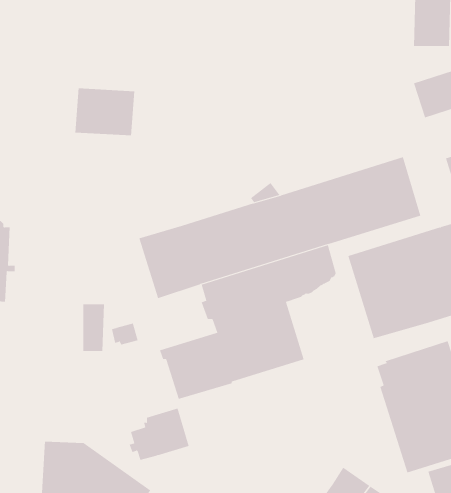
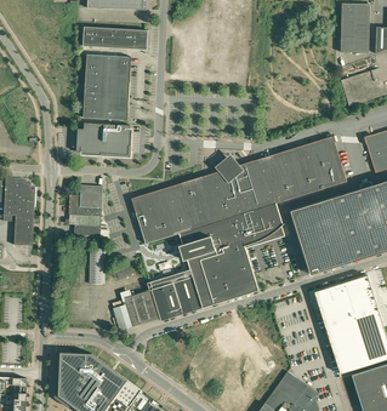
building: none -> [81,25,147,46]
building: none -> [85,55,130,86]
building: none -> [75,122,131,155]
building: none -> [64,185,102,238]
building: [129,408,189,461] -> [112,290,158,330]

